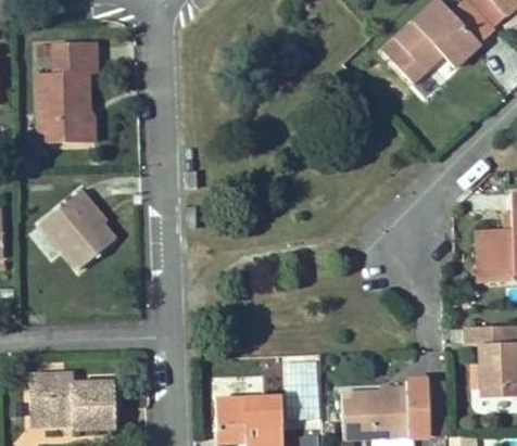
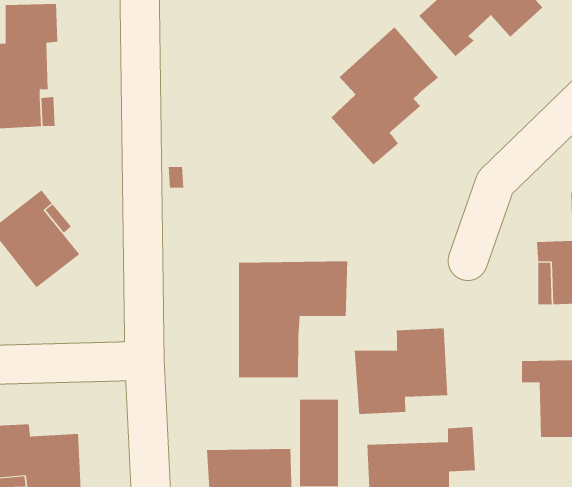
building: none -> [331,27,439,165]
building: none -> [238,261,348,378]
building: none -> [354,327,448,415]

